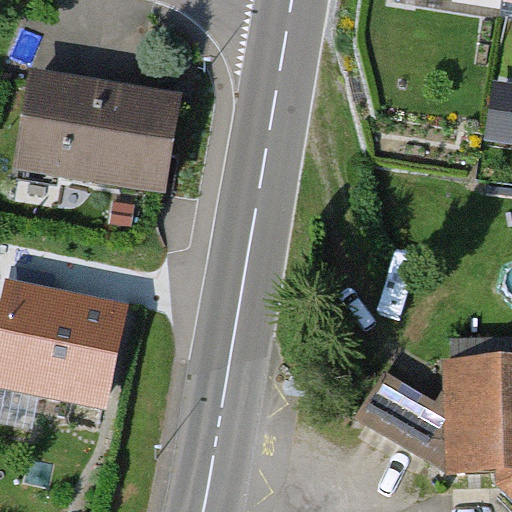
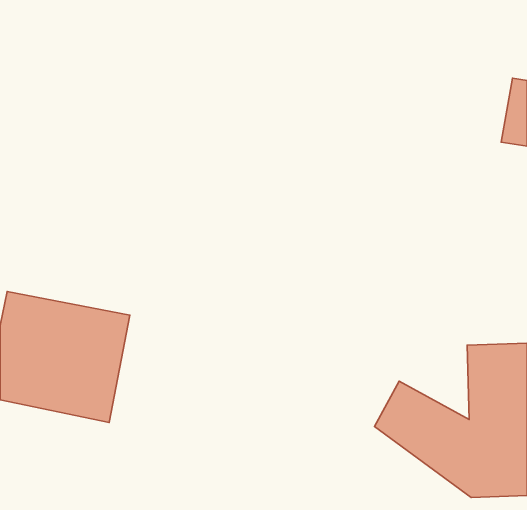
building: [13,71,184,200] -> none

